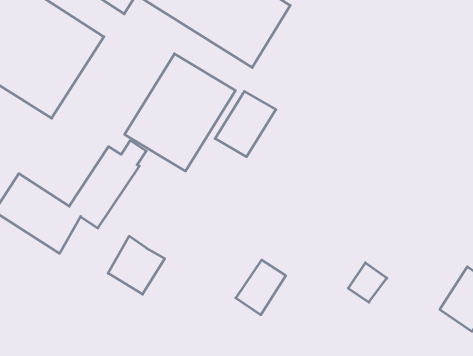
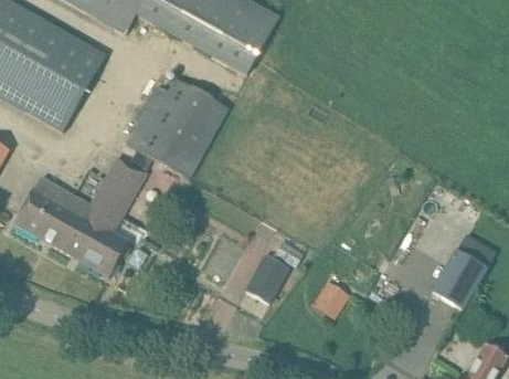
building: [215,91,276,157] -> none
building: [108,236,165,294] -> [76,222,128,275]
building: [348,263,387,302] -> [314,280,349,316]

